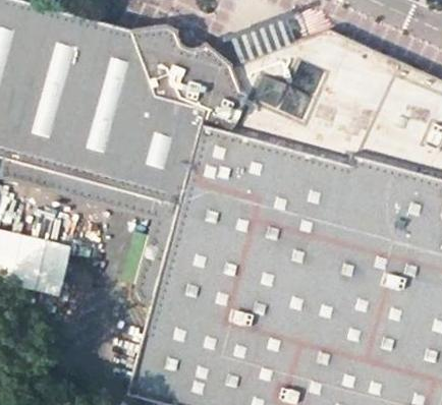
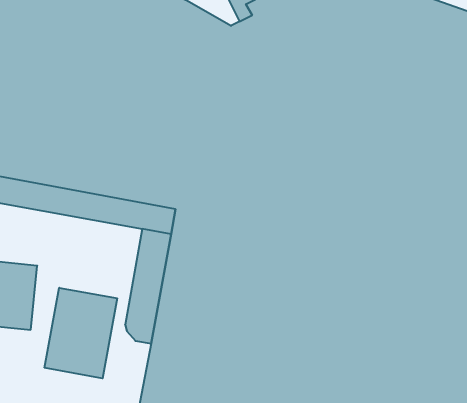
building: none -> [45,288,117,378]

